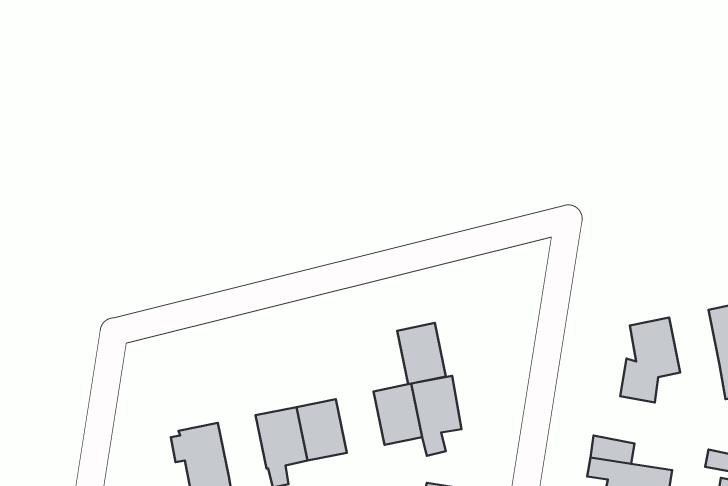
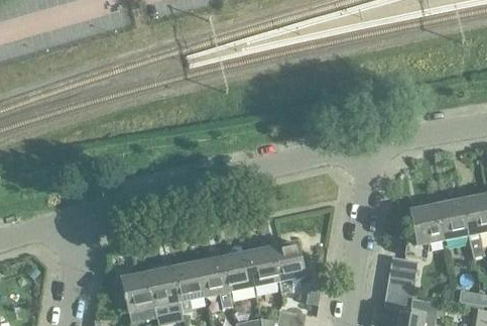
building: none -> [436,200,468,240]
building: [397,323,446,384] -> [222,252,253,292]
building: none -> [387,256,417,286]
building: none -> [146,267,177,307]

